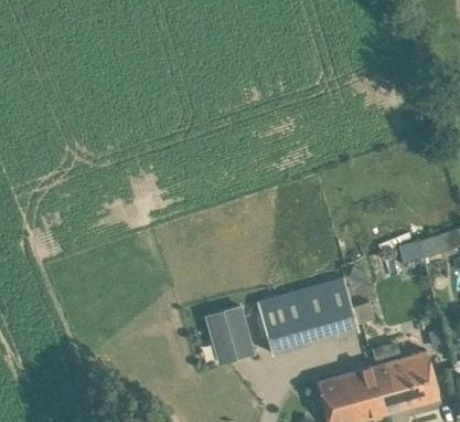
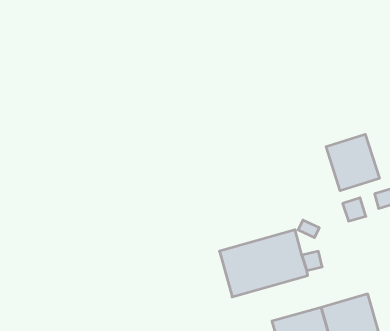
building: none -> [326,134,379,191]
building: [204,307,254,365] -> none

